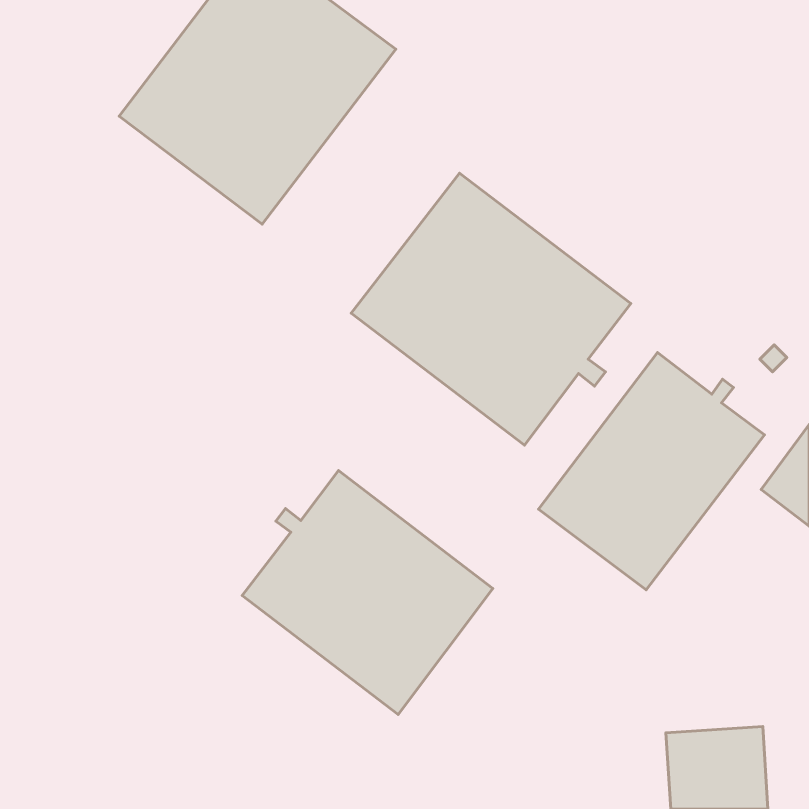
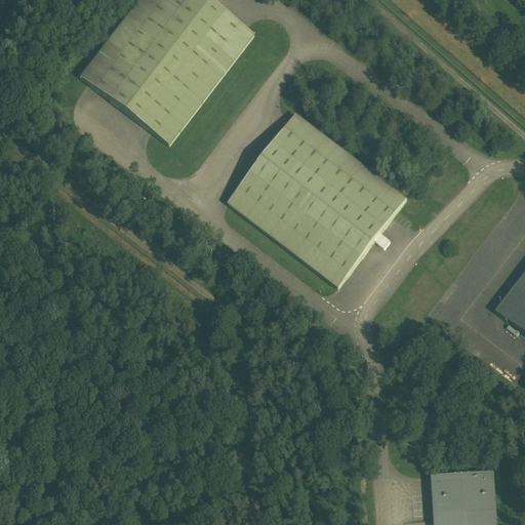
building: [538,353,764,590] -> none
building: [242,470,493,714] -> none

